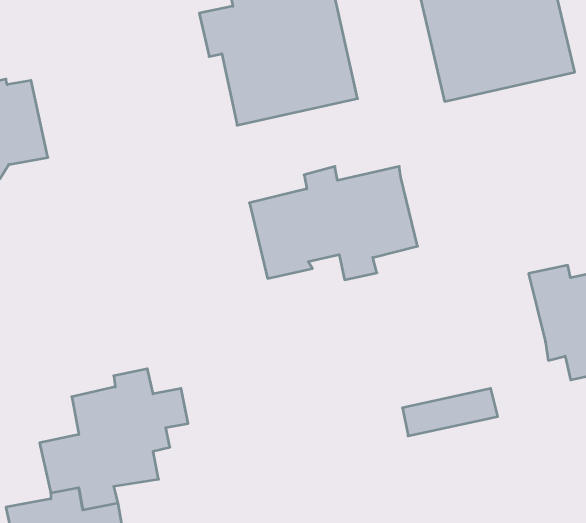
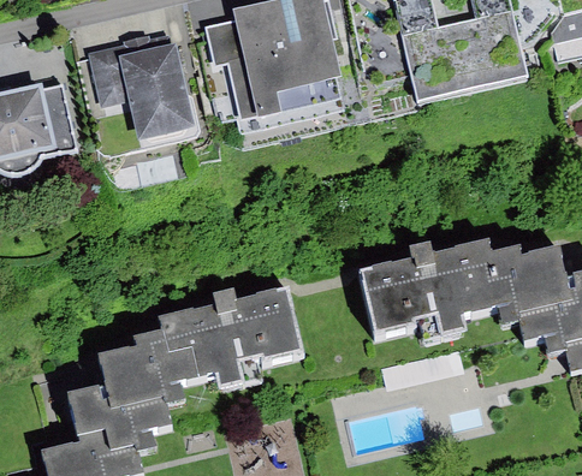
building: none -> [89,42,192,136]
building: [249,166,418,280] -> [360,239,504,337]
building: none -> [159,287,301,388]

